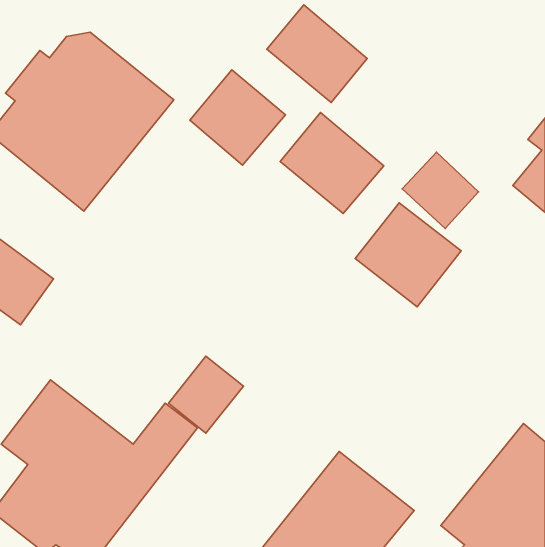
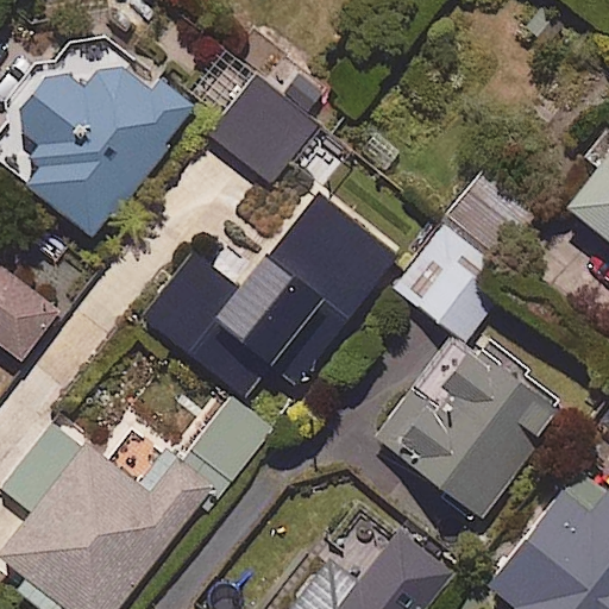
building: [267,5,367,103] -> none
building: [280,113,384,214] -> none
building: none -> [143,194,396,394]
building: none -> [393,339,564,516]

